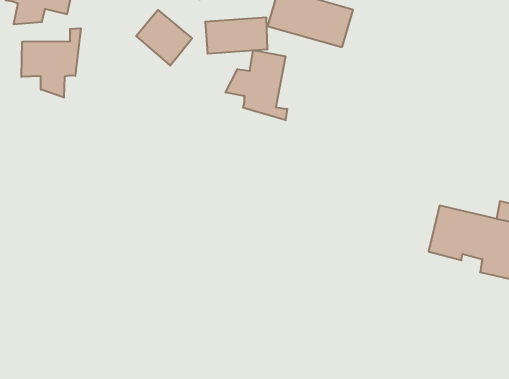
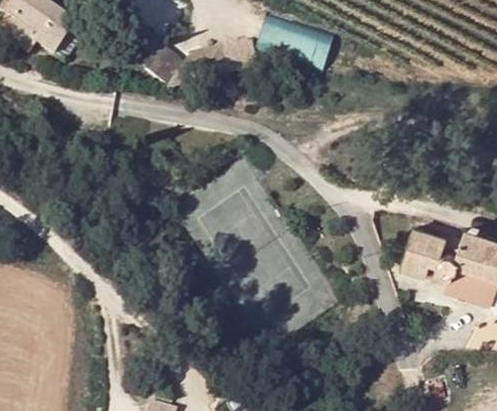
building: [21,28,81,98] -> none
building: [226,50,287,120] -> none

